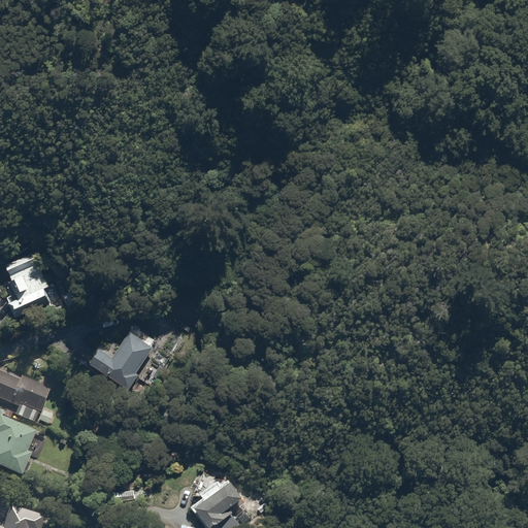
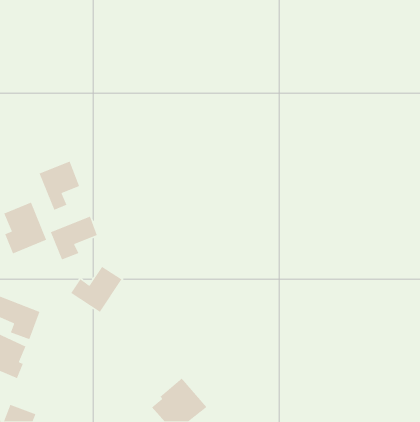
building: none -> [38,161,80,211]
building: none -> [50,216,98,261]

